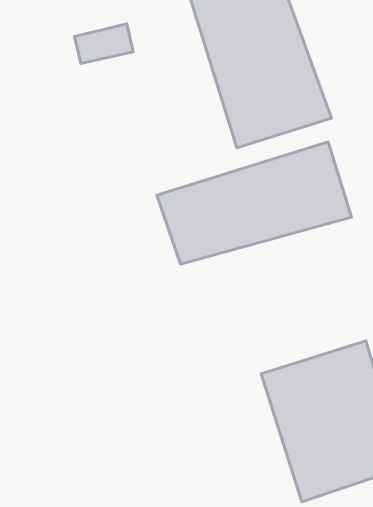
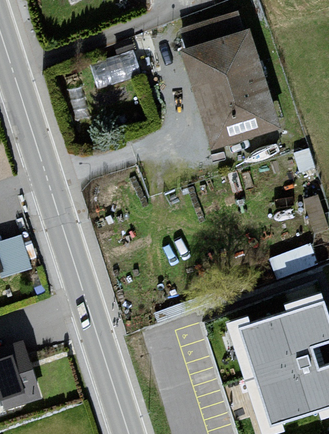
building: [157,142,352,264] -> none

